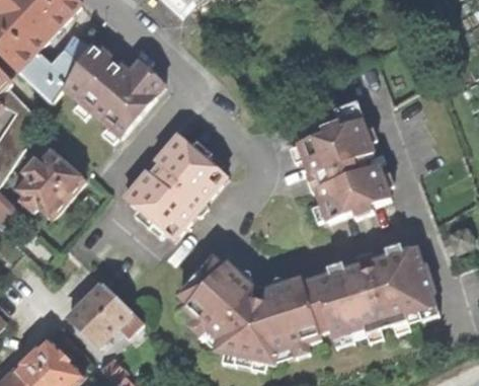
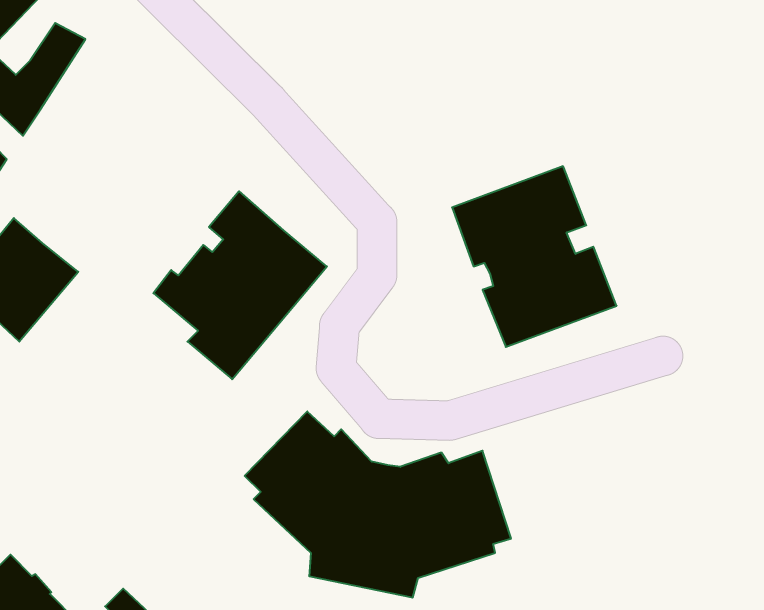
building: [63,40,165,135] -> none
building: [313,245,435,337] -> none
building: [68,282,141,344] -> none

